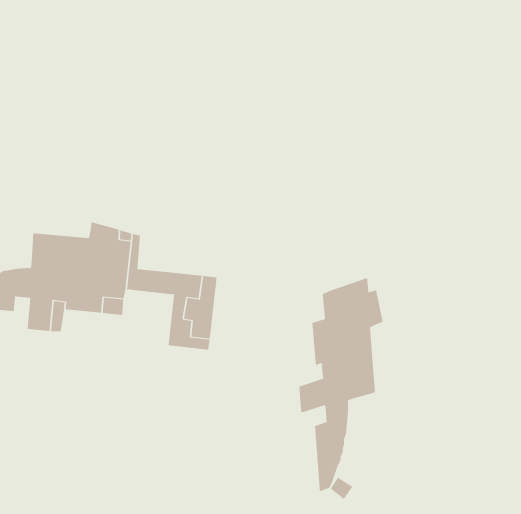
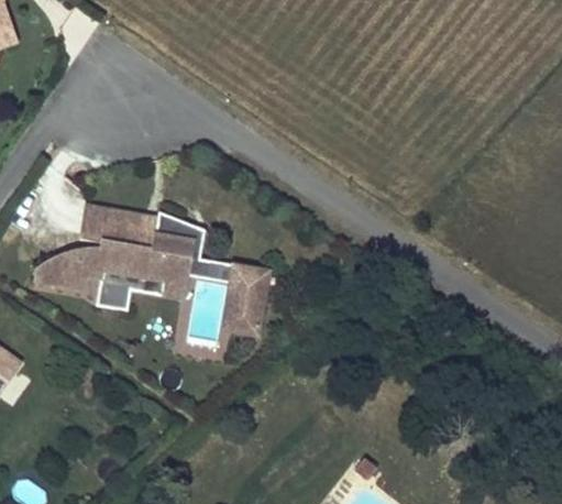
building: none -> [80,205,157,243]
building: [299,277,383,492] -> none

